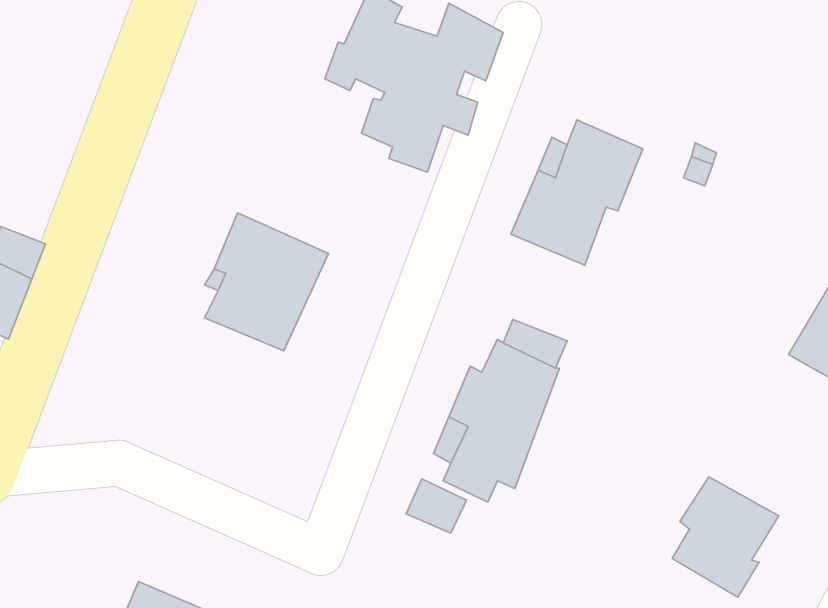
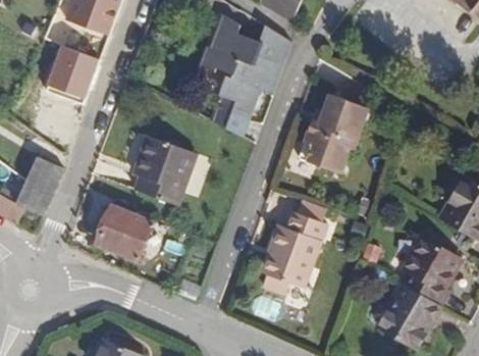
building: none -> [42,39,91,90]
building: none -> [97,218,153,271]
building: none -> [403,243,457,304]

